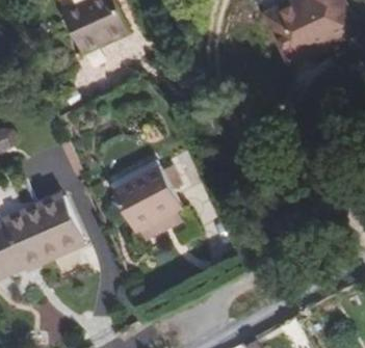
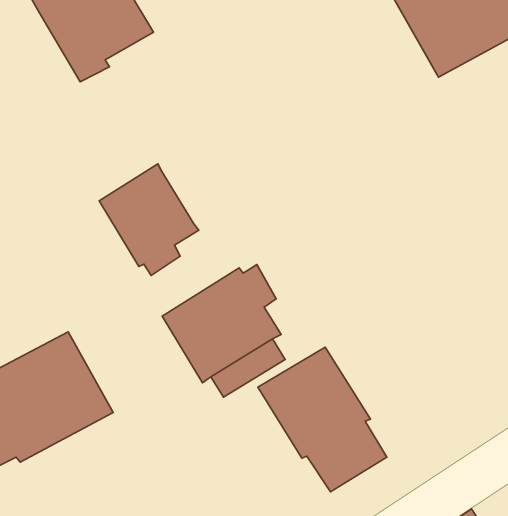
building: none -> [99,164,199,276]
building: none -> [258,347,387,492]

